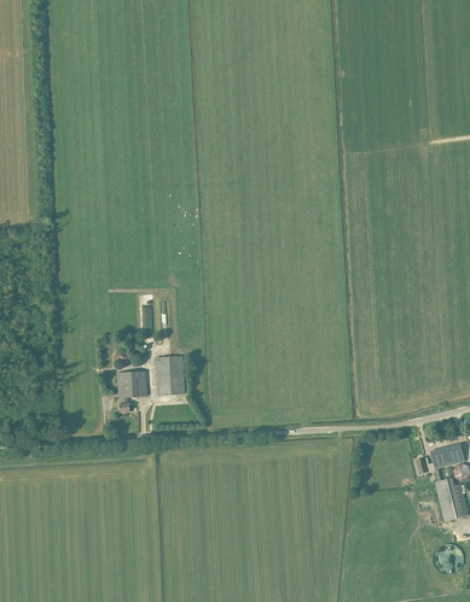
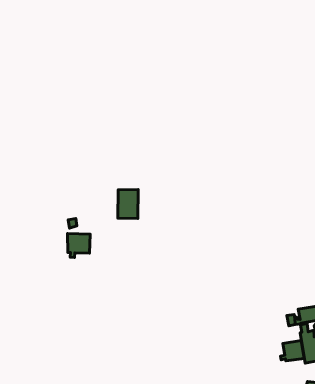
building: [156,355,185,394] -> [118,190,138,219]
building: none -> [280,341,304,361]

